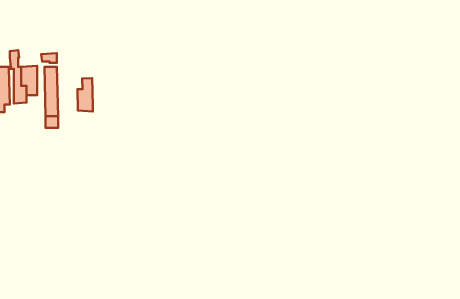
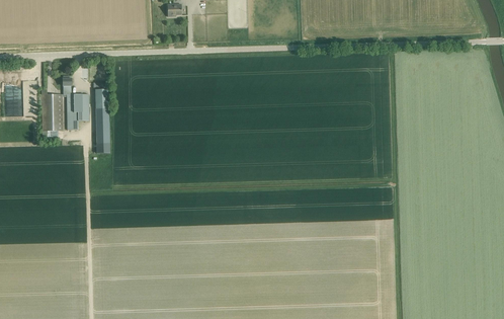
building: [77,78,93,112] -> none

